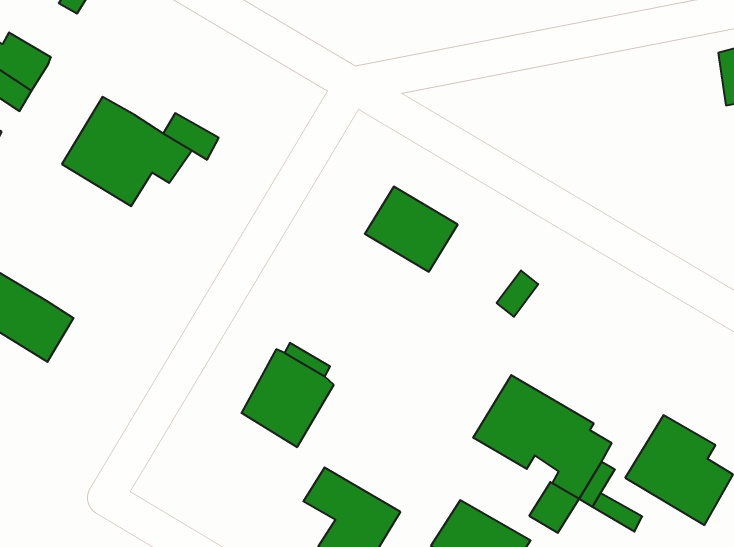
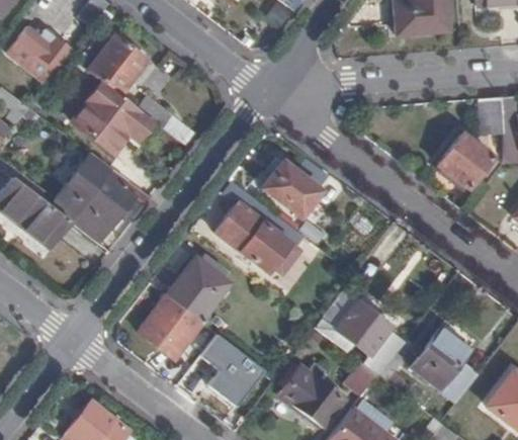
building: none -> [90,36,147,94]
building: none -> [479,98,504,133]
building: none -> [439,134,492,187]
building: none -> [51,156,139,244]
building: none -> [215,201,289,271]
building: none -> [141,294,201,358]

